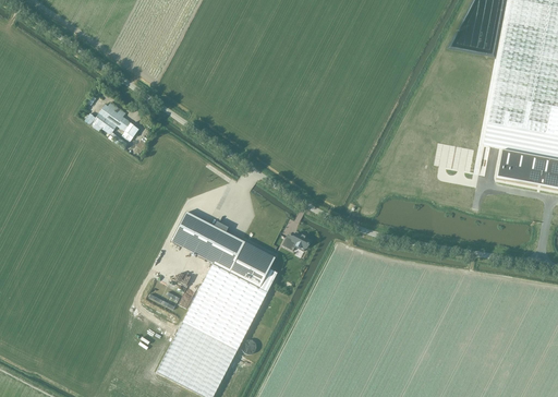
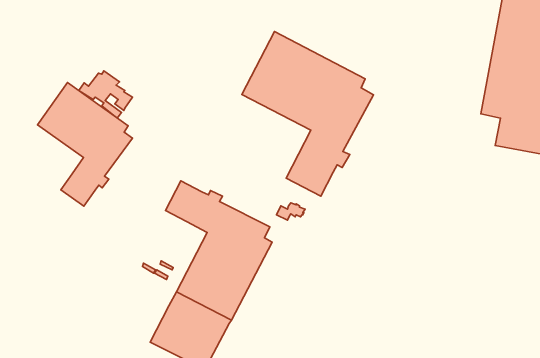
building: none -> [242,32,374,196]
building: none -> [37,83,132,206]

